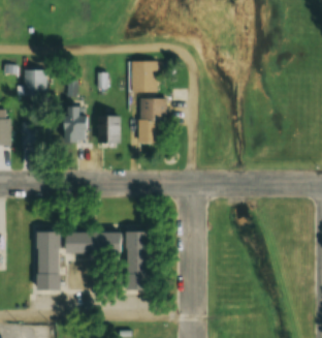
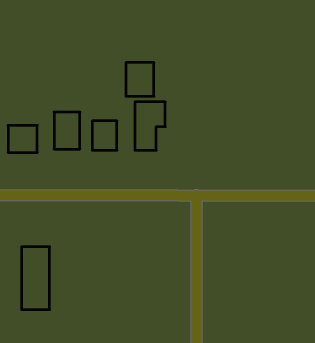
building: [26,69,49,99] -> none
building: [124,232,148,289] -> none
building: [63,233,118,253] -> none

